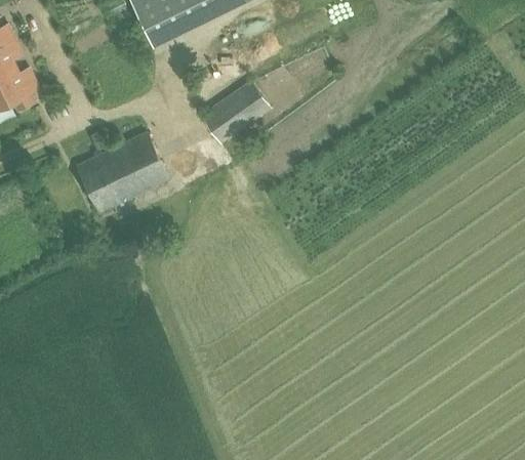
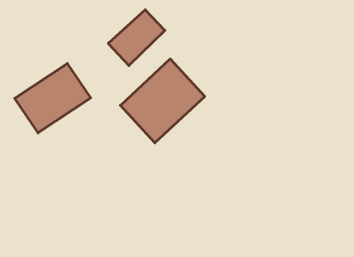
building: none -> [120,59,205,143]

